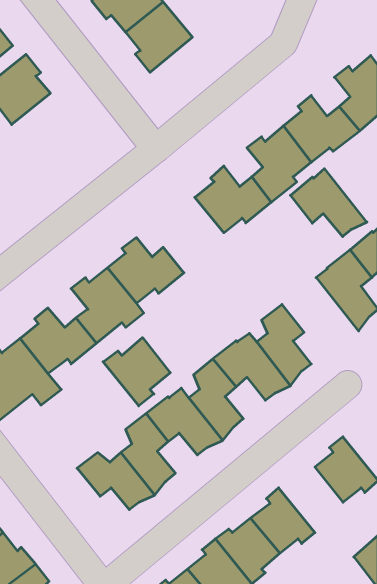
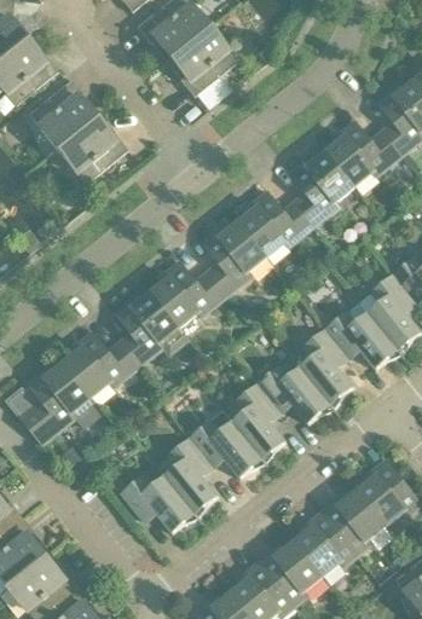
building: none -> [56,117,127,184]
building: [290,169,367,237] -> [325,301,401,369]
building: none -> [203,221,267,296]
building: [103,338,170,406] -> none
building: none -> [322,490,386,555]

